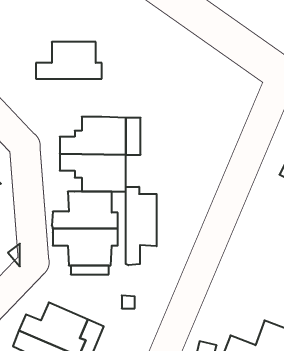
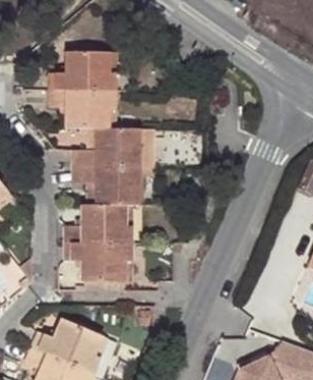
building: none -> [48,91,115,129]
building: [126,187,157,265] -> none

